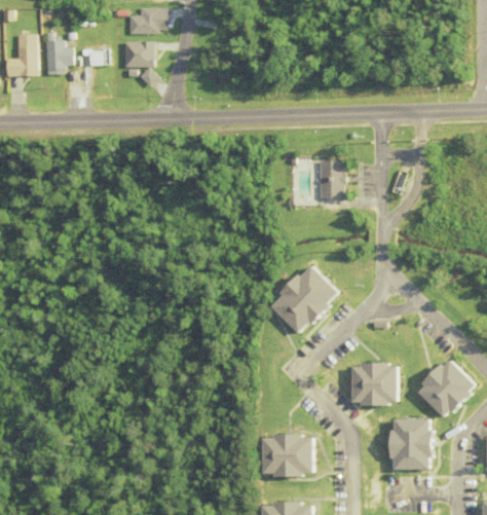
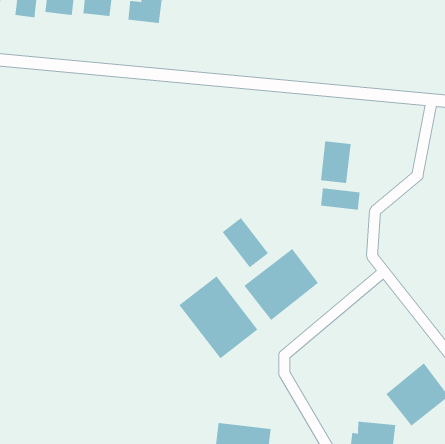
building: none -> [320,188,360,210]
building: none -> [222,217,269,268]
building: none -> [179,276,258,359]
building: [350,364,395,405] -> none

